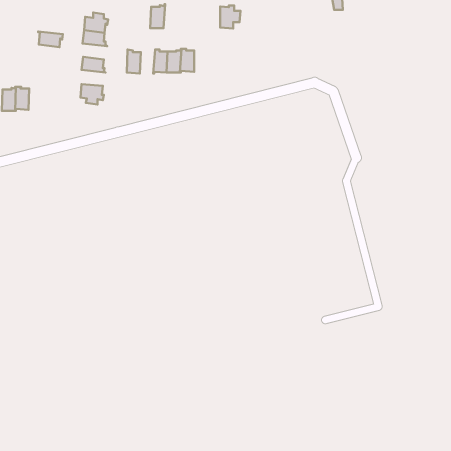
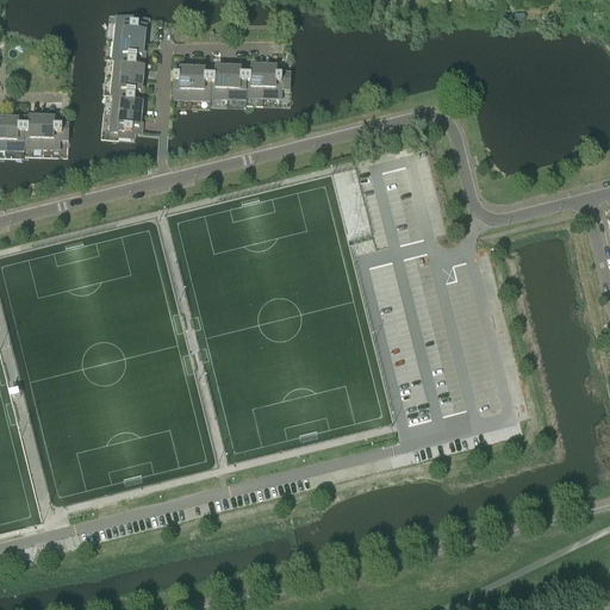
building: [150,4,165,28] -> [188,67,208,99]
building: [220,5,240,28] -> [261,67,288,98]
building: [38,31,63,47] -> [111,58,144,80]
building: none -> [110,94,142,116]
building: none -> [38,118,58,148]

